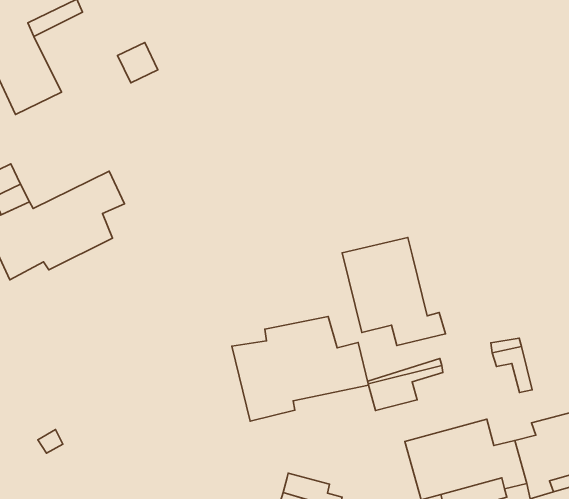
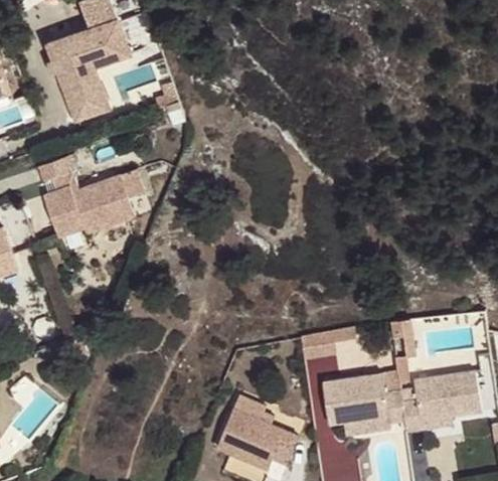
building: [342,237,445,345] -> none
building: [232,317,368,421] -> none

